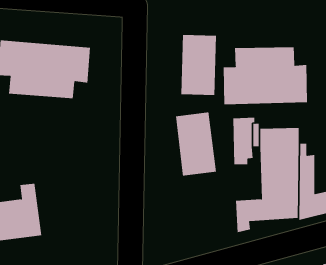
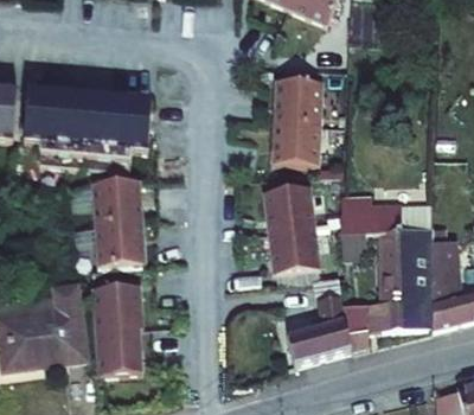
building: [223,46,307,105] -> none
building: none -> [89,174,142,260]
building: none -> [283,275,348,363]
building: none -> [89,280,140,369]

